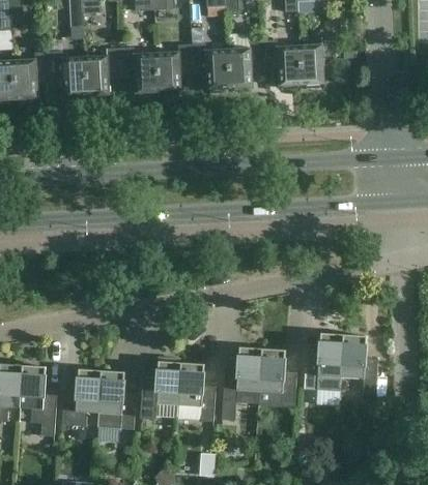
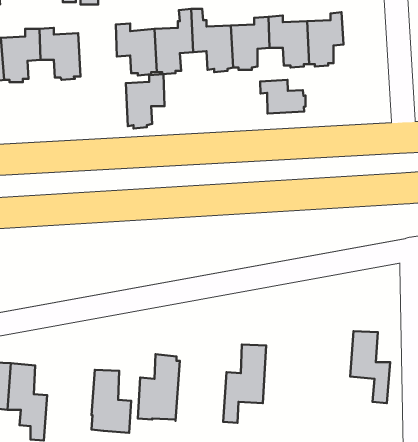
building: [85,49,121,99] -> [126,74,164,128]
building: none -> [260,80,306,113]
building: [304,333,343,392] -> none
building: [258,348,295,407] -> none
building: [176,363,215,422] -> none
building: [61,369,101,427] -> none

